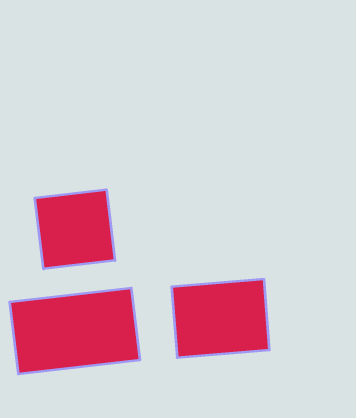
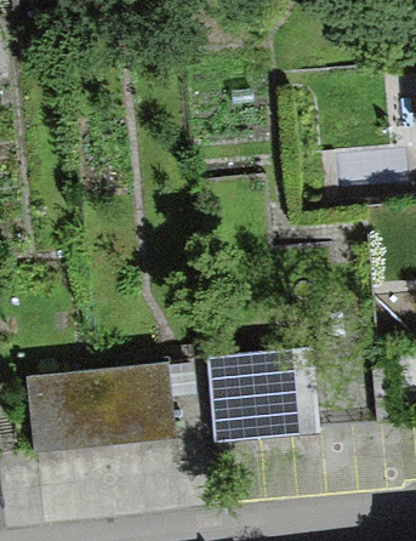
building: [35,190,115,269] -> none

